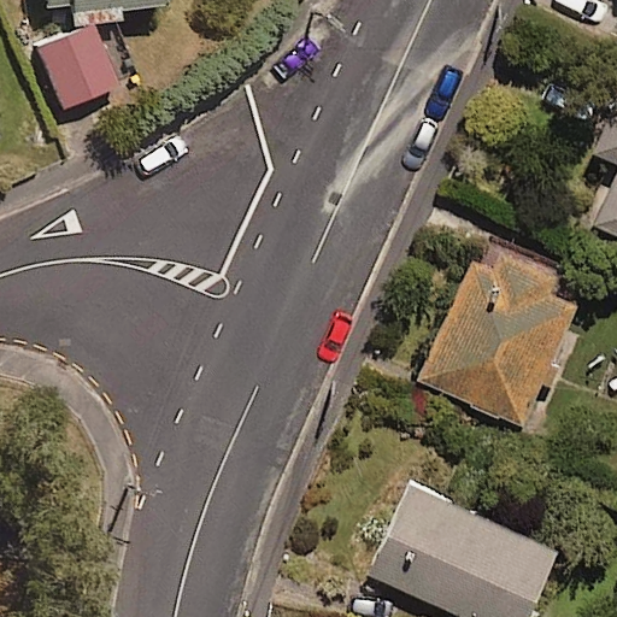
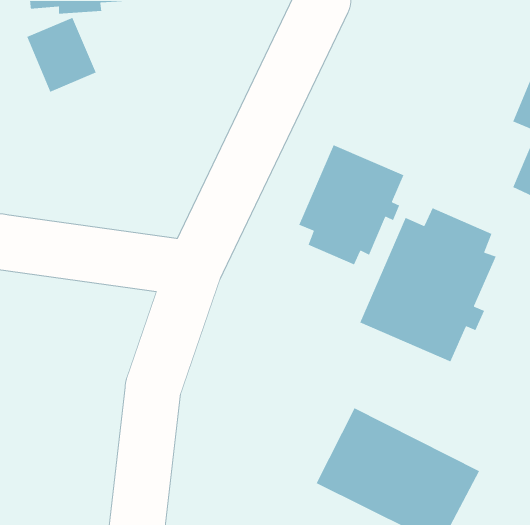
building: none -> [298,144,404,265]

